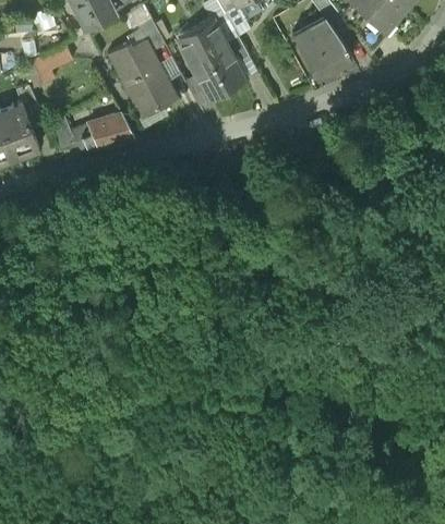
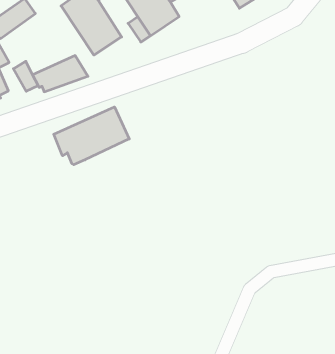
building: none -> [54,107,129,165]

